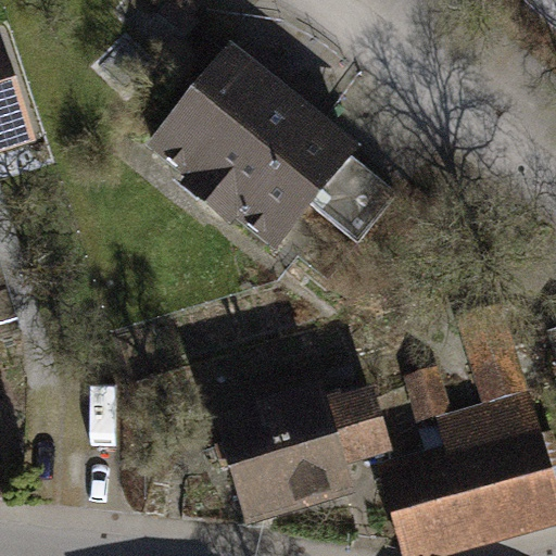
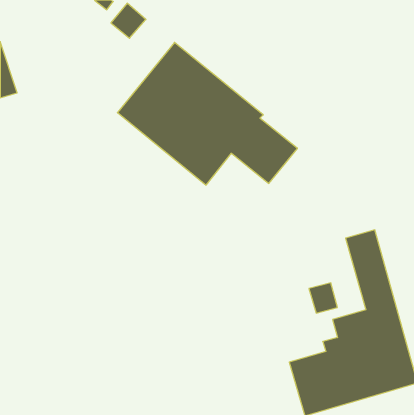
building: [225,397,389,521] -> none

